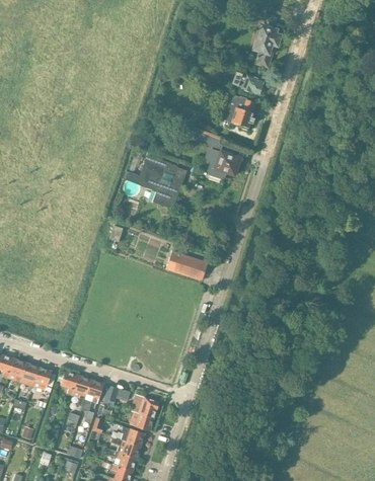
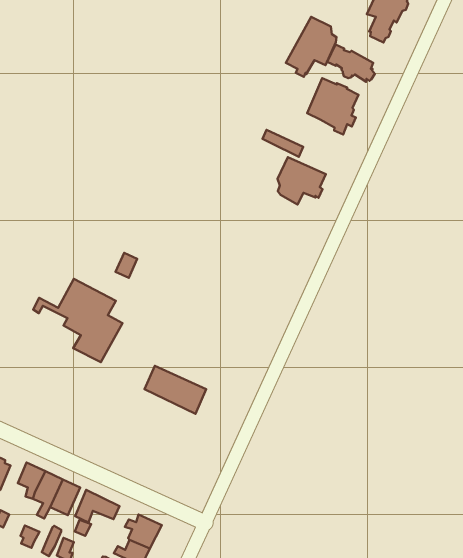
building: none -> [286,17,337,77]
building: [123,156,182,209] -> [33,279,122,362]
building: [166,252,207,280] -> [144,366,206,414]

